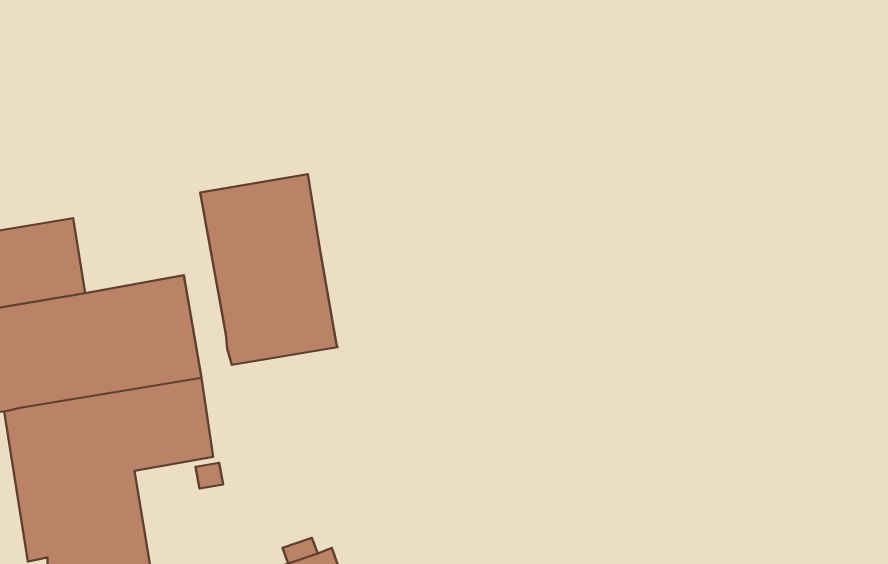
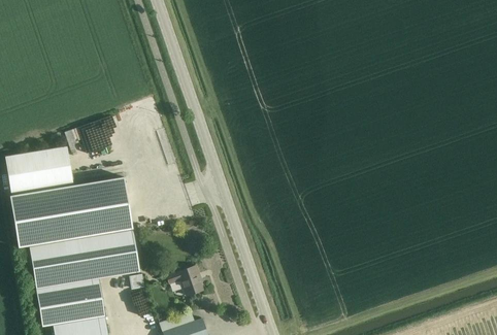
building: [200,174,338,365] -> none
building: none -> [166,266,202,296]

